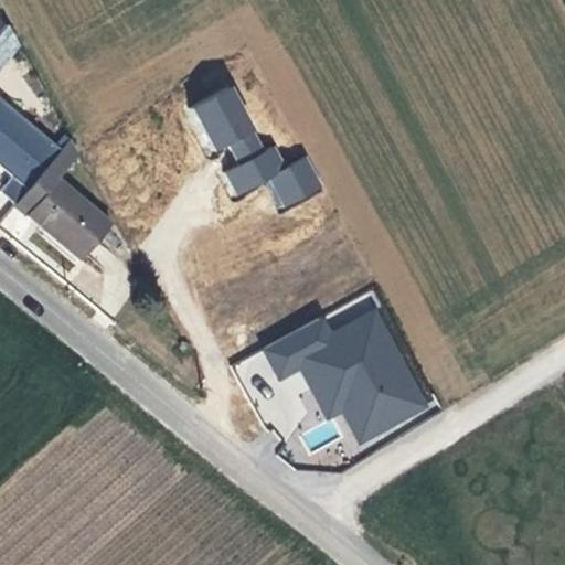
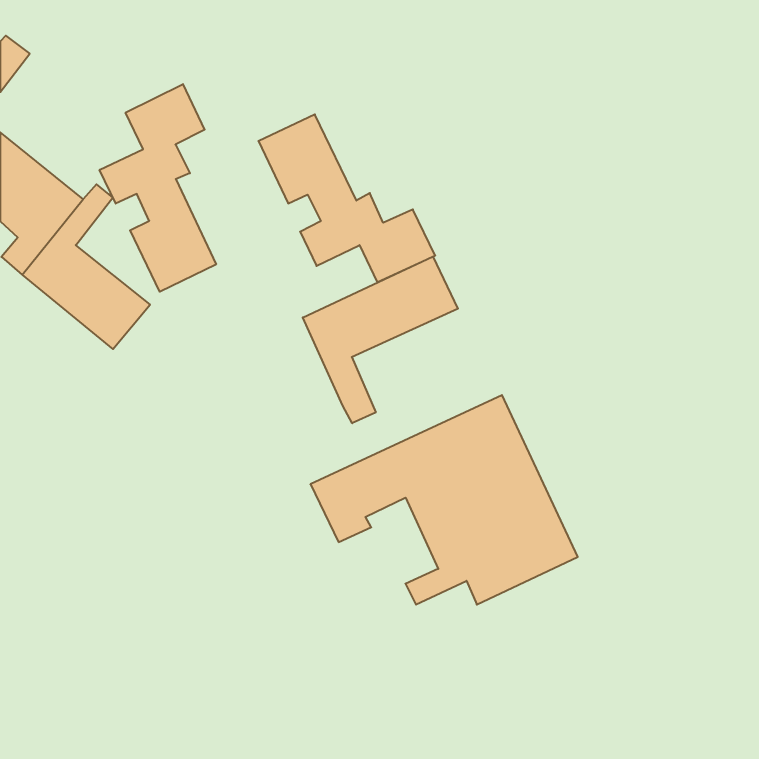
building: none -> [100,84,216,292]
building: none -> [303,257,458,423]

